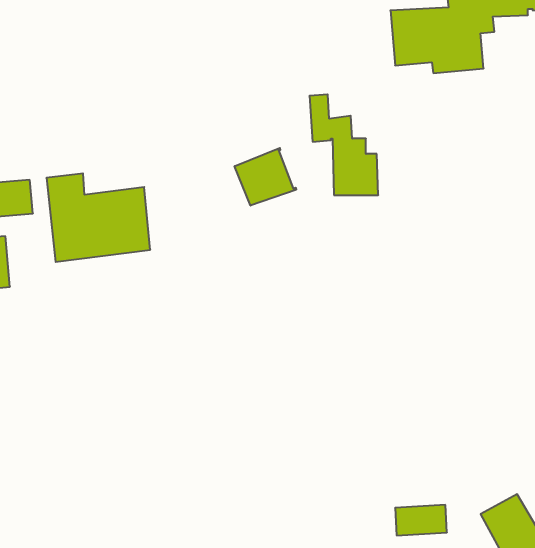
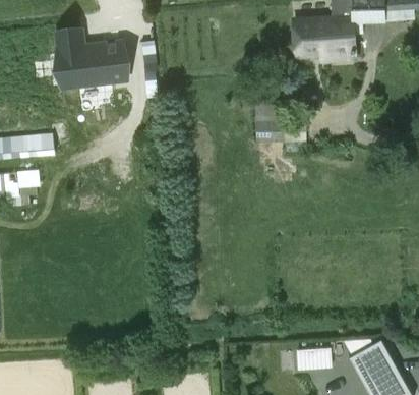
building: [235,148,296,206] -> none
building: [46,173,150,262] -> [57,30,126,89]

